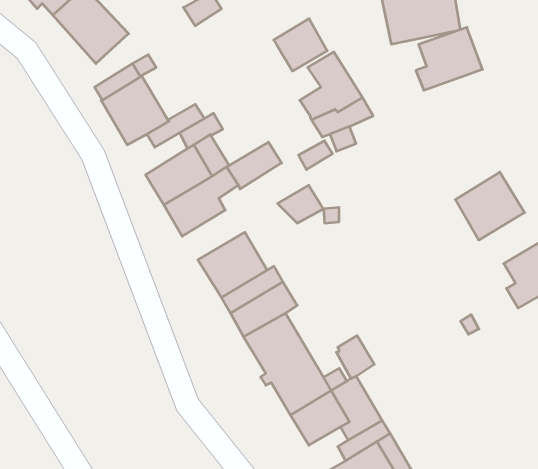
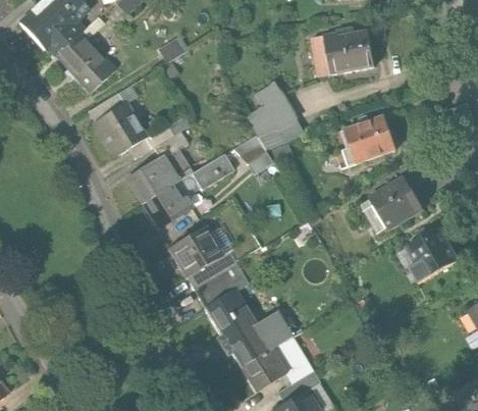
building: [274,19,327,71] -> none
building: [416,27,483,90] -> [343,116,395,165]
building: [278,185,323,223] -> [231,134,267,163]

